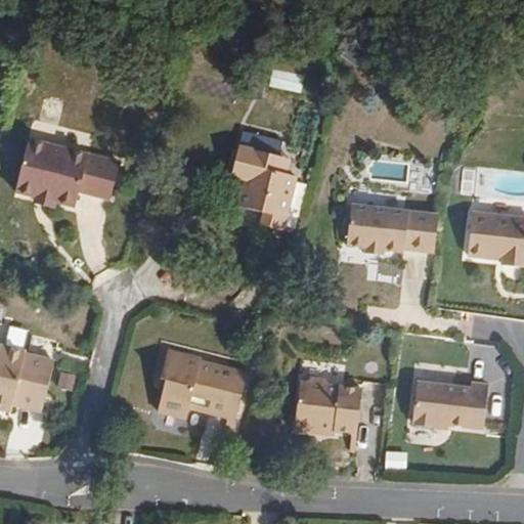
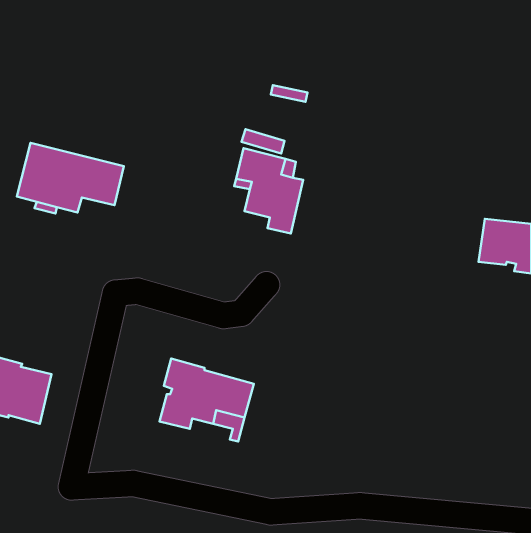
building: [346,201,439,250] -> none
building: [291,375,361,432] -> none
building: [411,379,489,426] -> none

